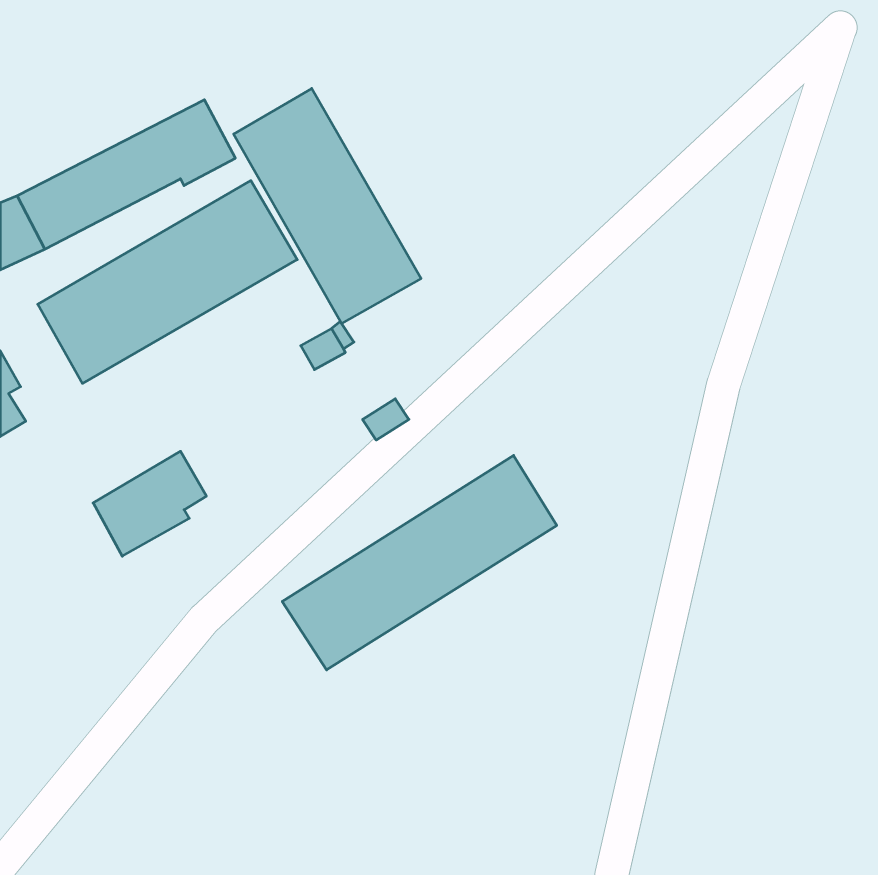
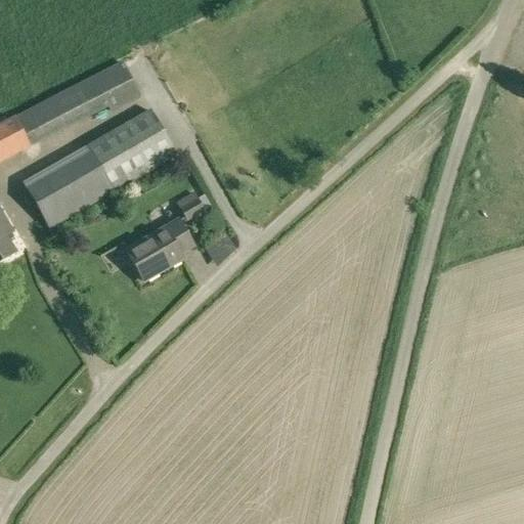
building: [234,88,421,323] -> none
building: [93,451,206,556] -> [126,217,193,279]
building: [282,455,557,670] -> none

